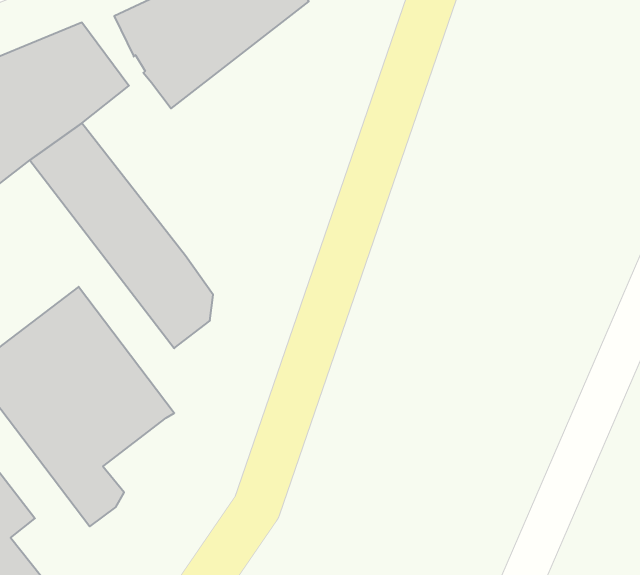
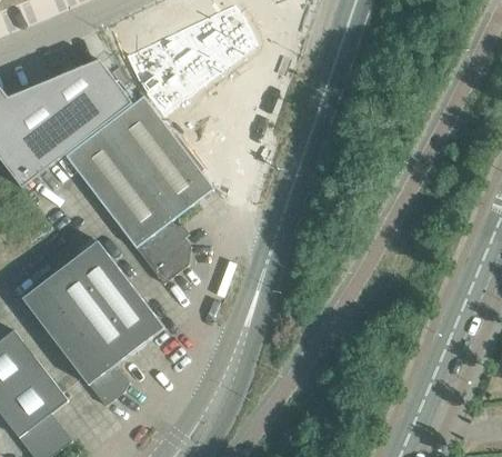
building: none -> [100,95,213,218]

